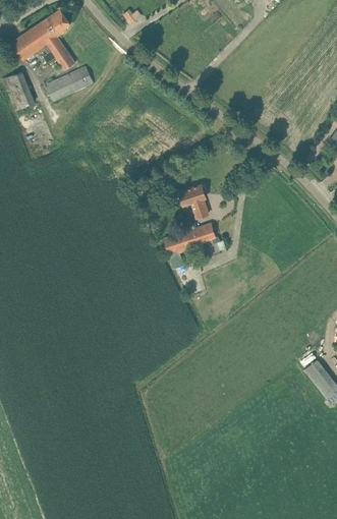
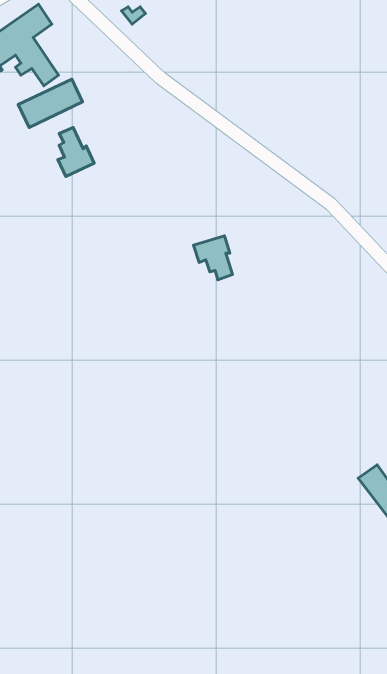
building: none -> [58,128,94,177]
building: [165,223,220,254] -> none

